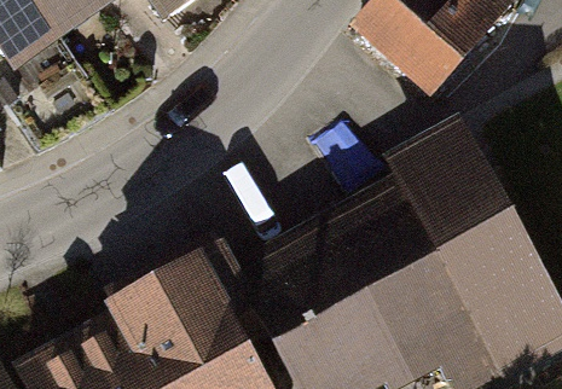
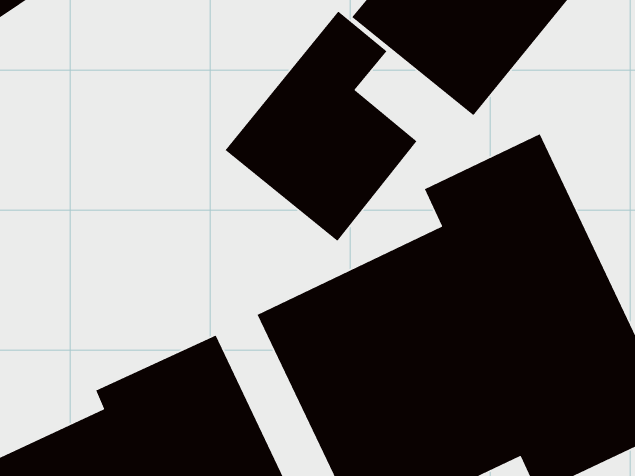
building: none -> [225,10,417,242]

